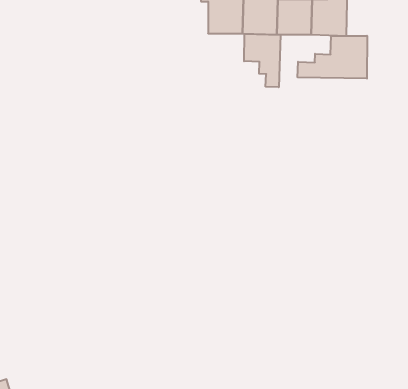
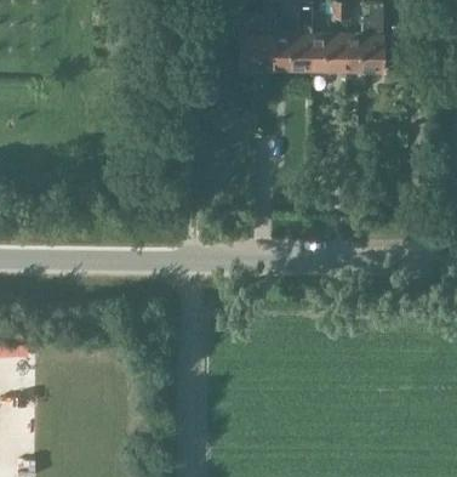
building: [244,34,281,87] -> none
building: [298,36,367,79] -> none

